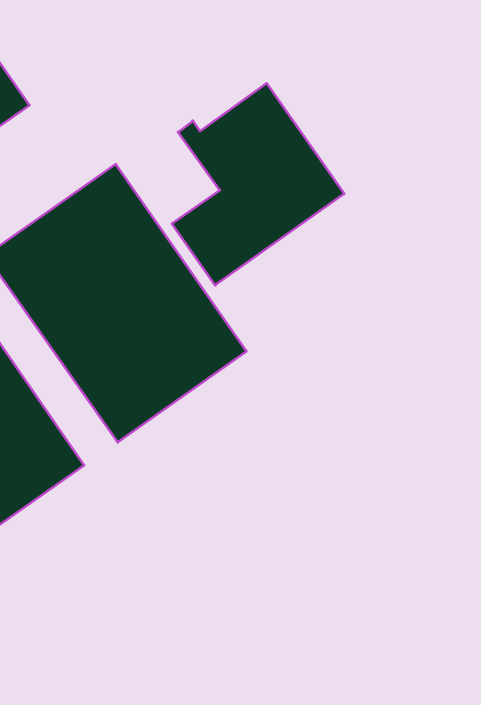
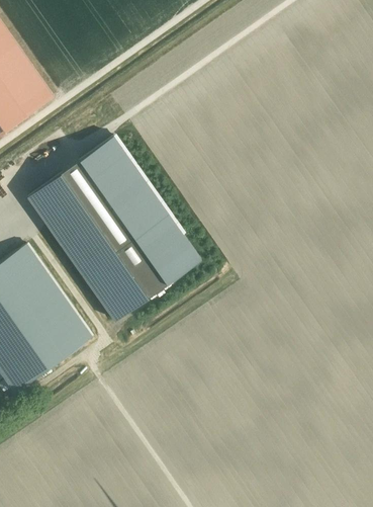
building: [172,83,344,285] -> none

